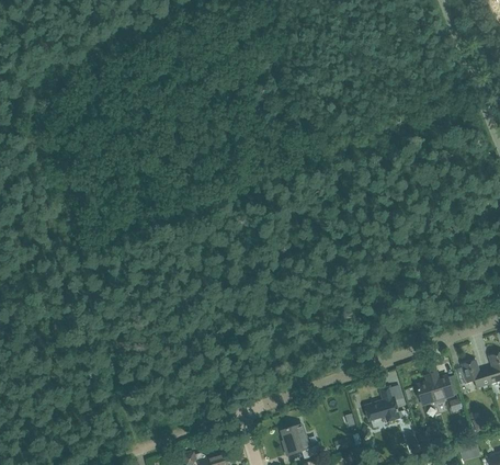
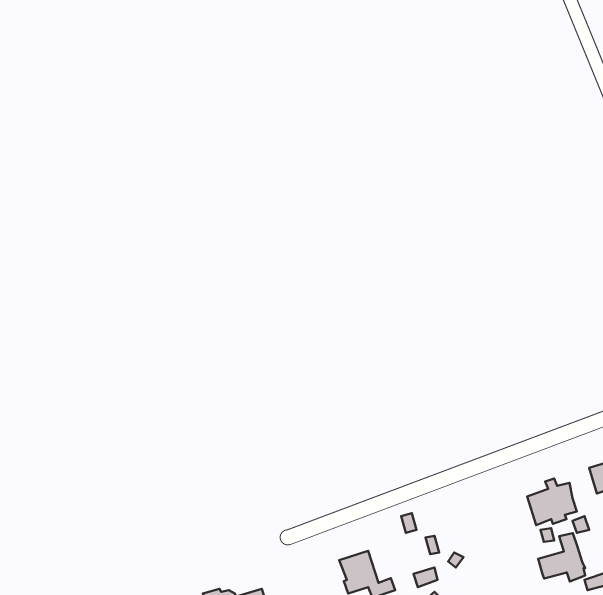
building: [366,387,400,422] -> [538,533,585,582]

